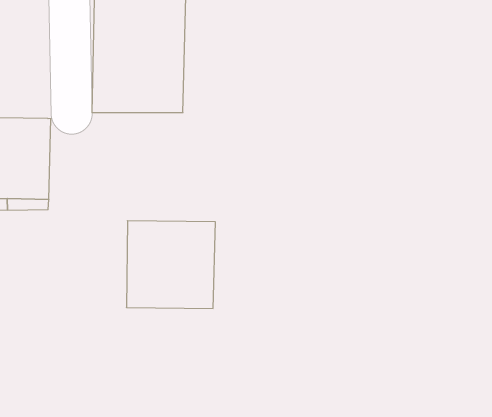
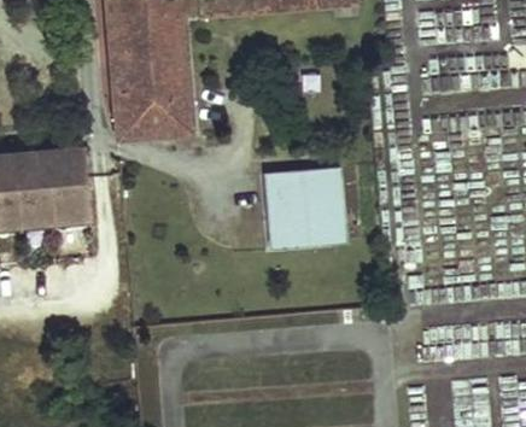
building: [126,221,215,308] -> [269,168,347,246]

